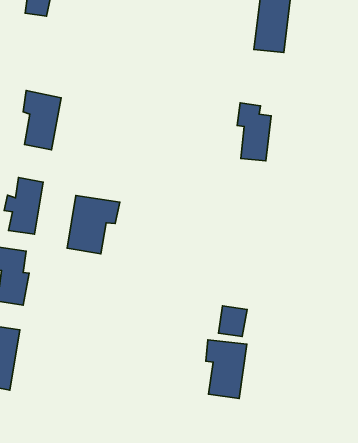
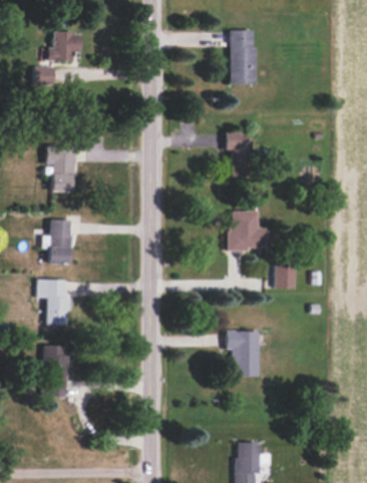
building: [67,196,120,254] -> none
building: none -> [230,210,267,250]
building: [219,306,247,336] -> [276,265,297,288]

